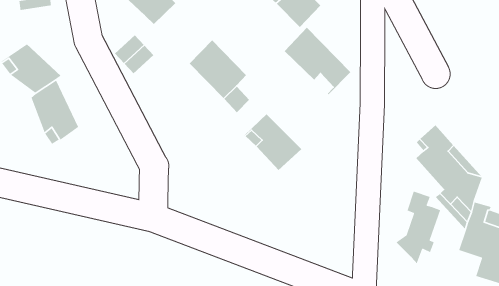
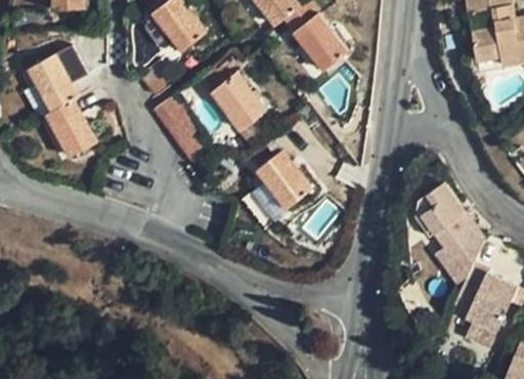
building: [284,27,351,95] -> none
building: none -> [150,97,206,162]
building: [396,191,441,265] -> none

